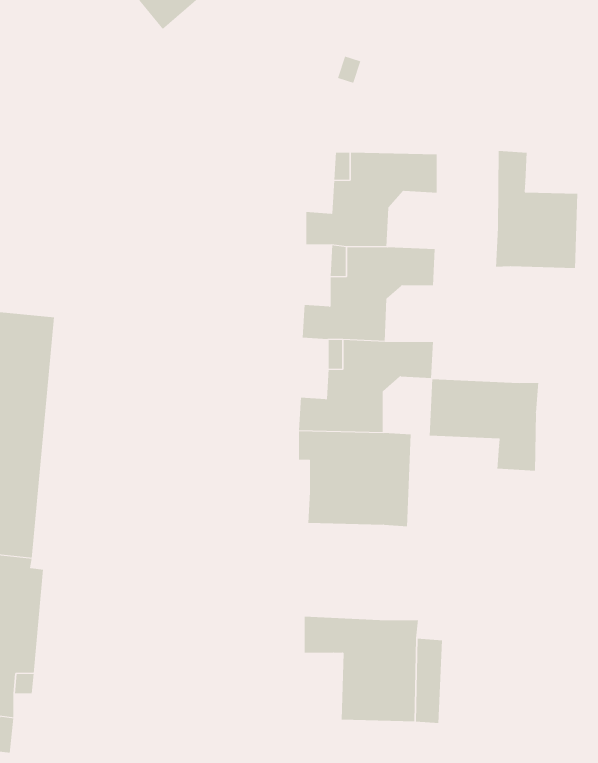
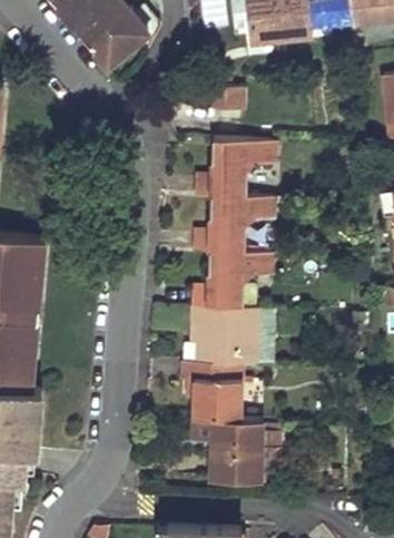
building: [496,150,578,269] -> none
building: [429,379,539,472] -> none
building: none -> [178,362,242,420]

